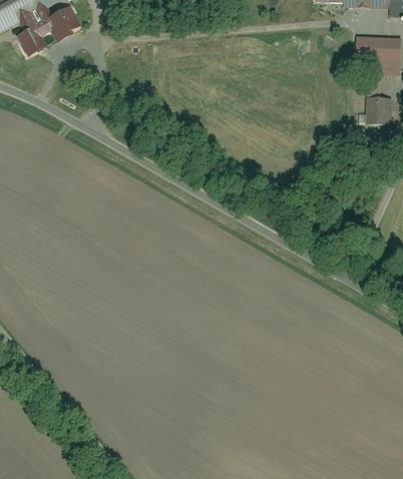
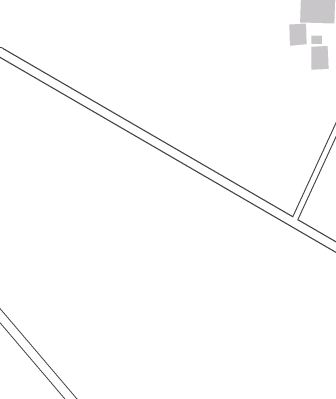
building: none -> [289,23,307,47]

